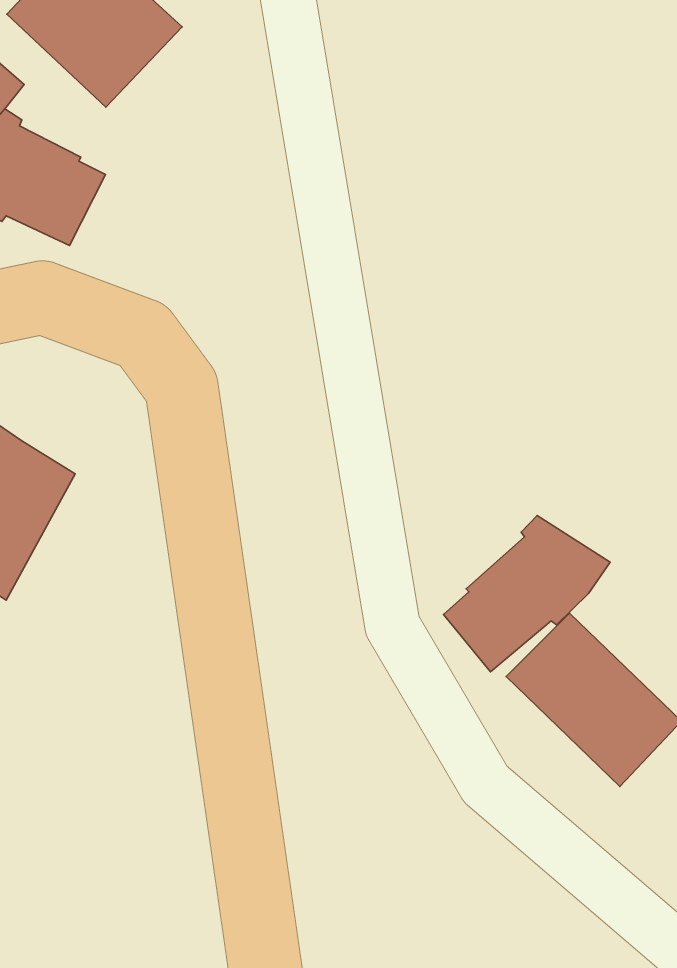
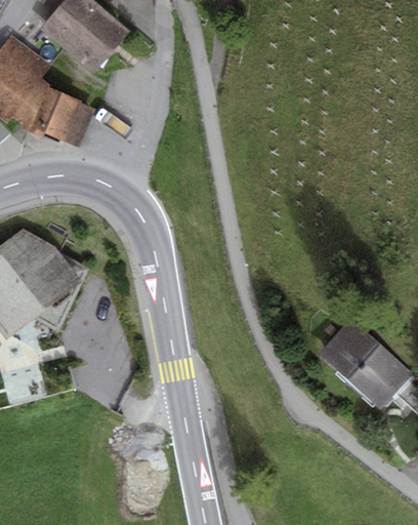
building: [443,515,610,672] -> none

